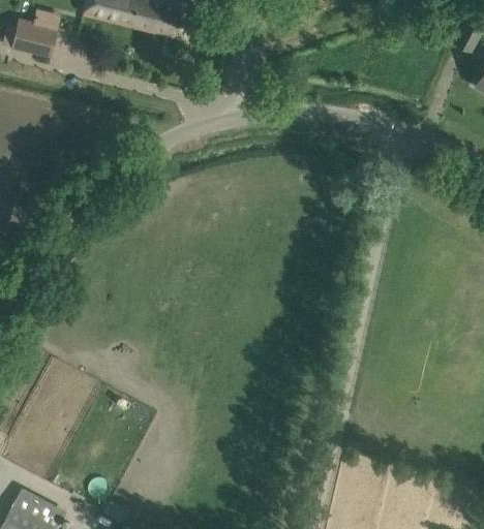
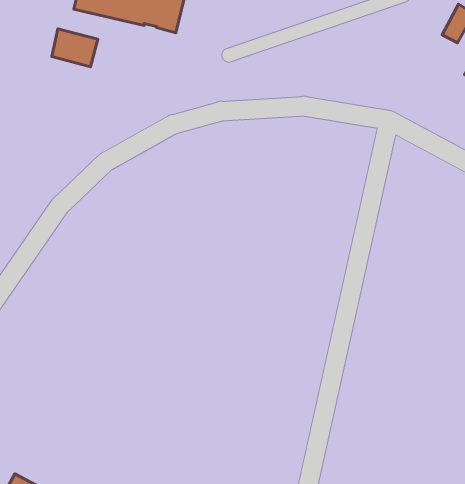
building: [11,18,58,56] -> [52,29,98,67]

